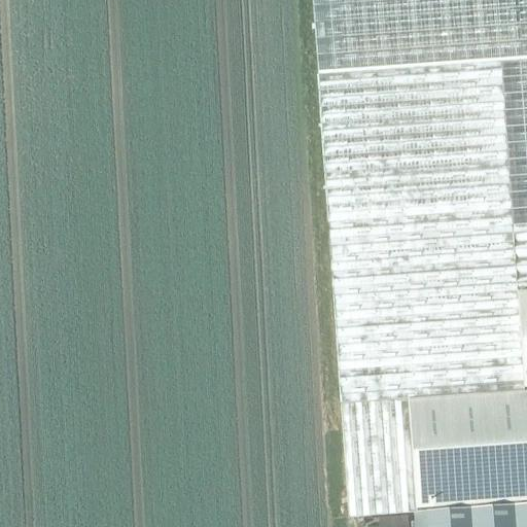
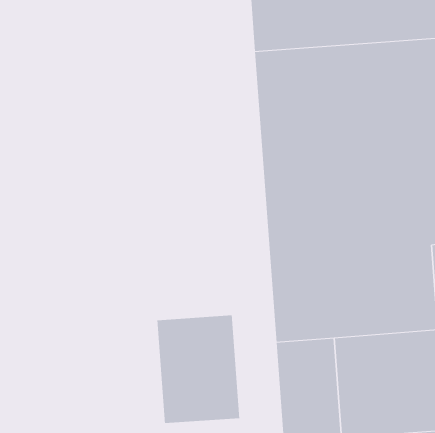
building: none -> [157,315,240,424]

